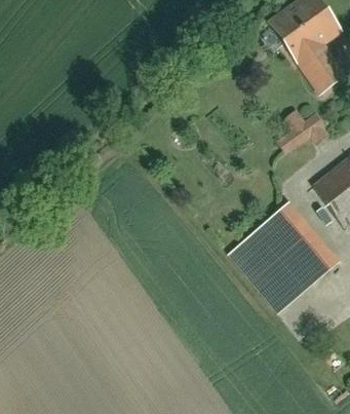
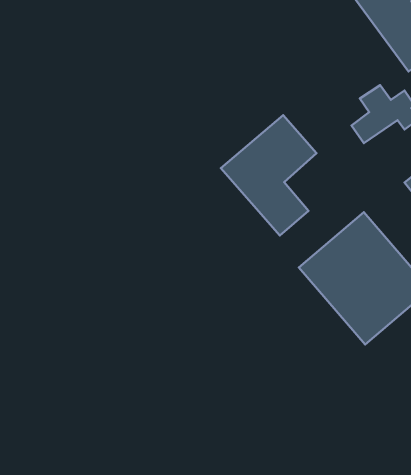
building: none -> [221,115,317,236]

